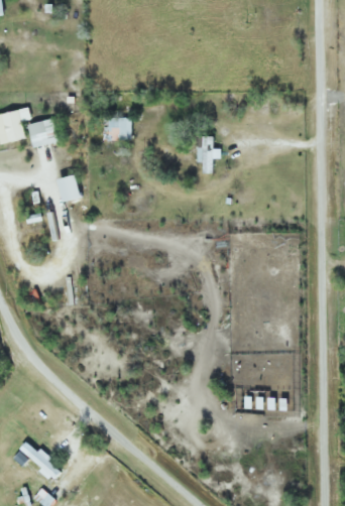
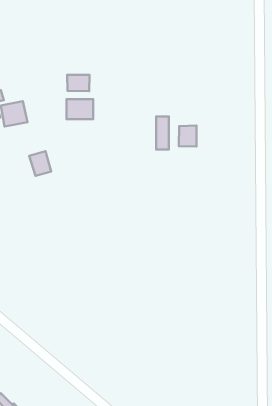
building: none -> [67,75,90,91]
building: none -> [179,126,196,146]

